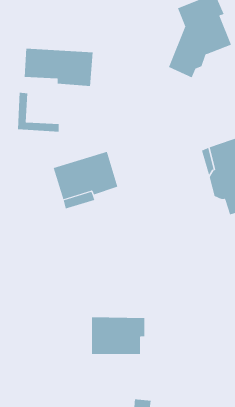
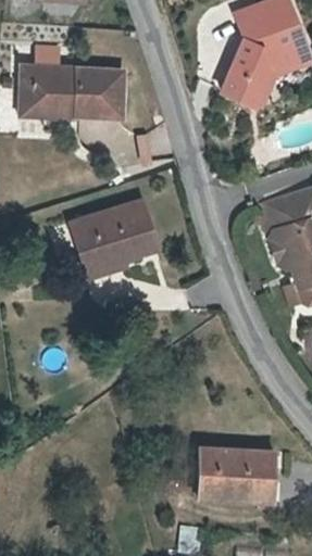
building: [17,92,60,132] -> [22,67,77,119]
building: [91,317,145,354] -> [197,454,267,503]

